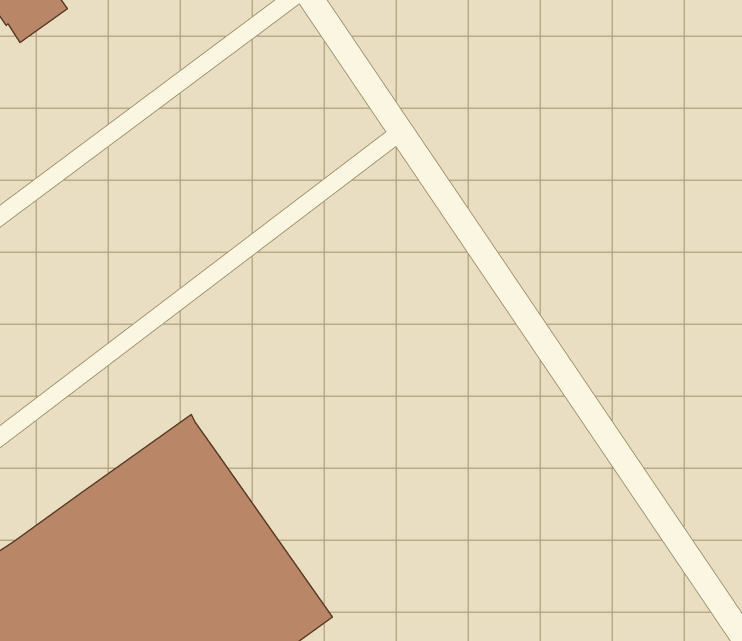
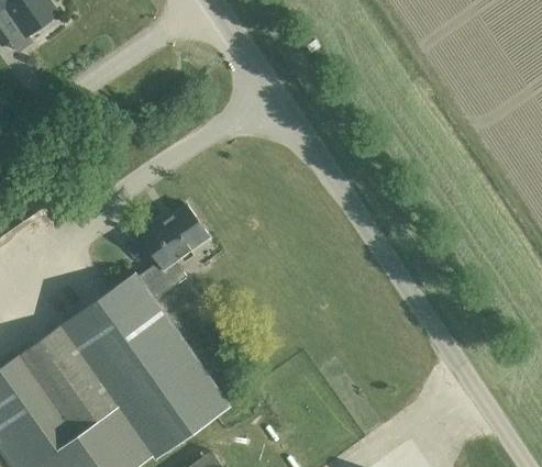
building: none -> [135,204,209,301]

